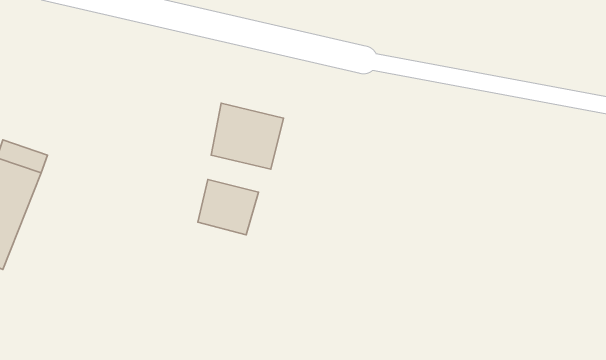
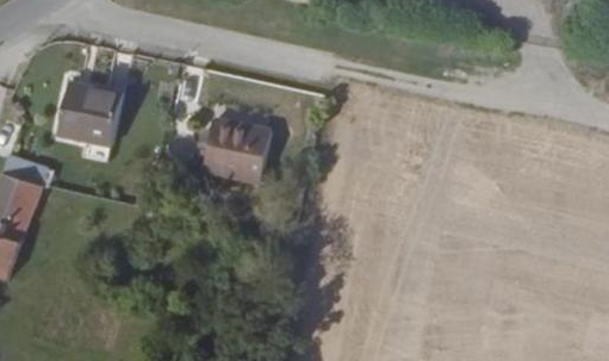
building: none -> [55,79,119,143]
building: [198,180,259,235] -> none

